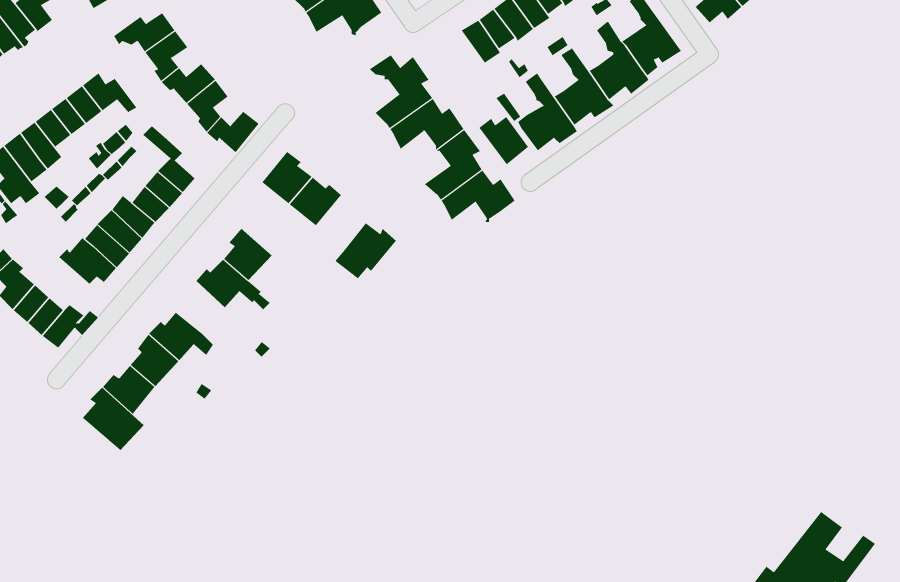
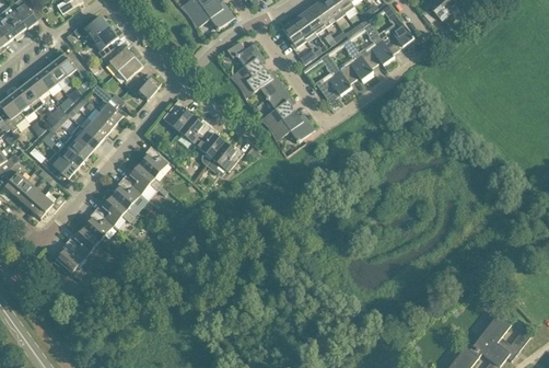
building: [479,116,529,165] -> none
building: none -> [195,125,224,164]
building: none -> [110,176,140,208]

